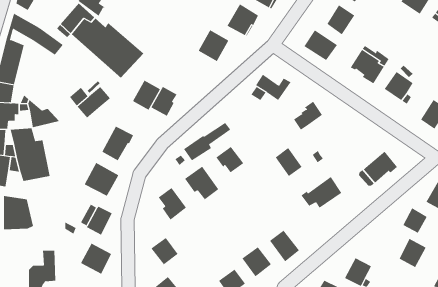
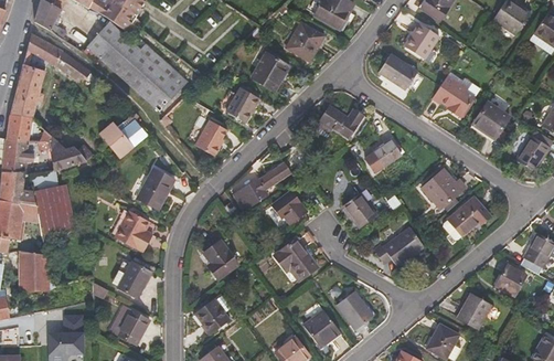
building: [132,80,161,110] -> [226,86,260,123]
building: none -> [423,168,466,209]
building: [184,166,219,200] -> [275,238,317,279]
building: [399,238,427,268] -> [457,293,490,328]

